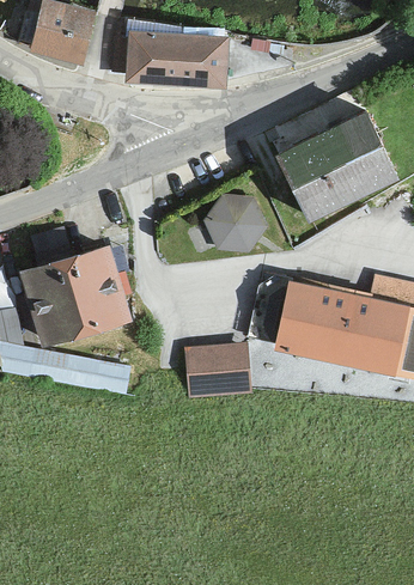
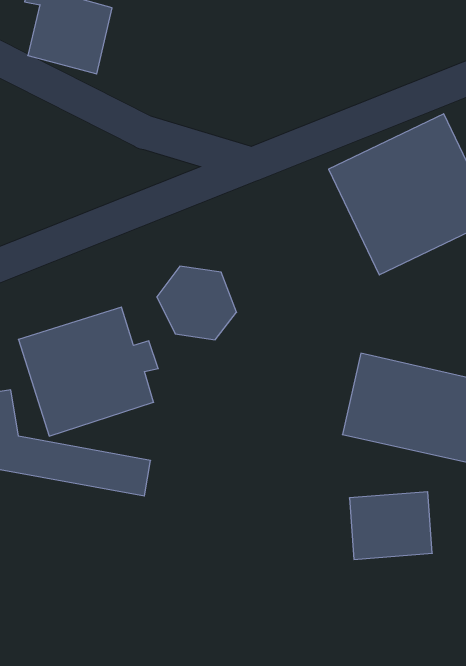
building: [115,17,227,81] -> none
building: [205,195,267,252] -> [157,266,237,340]
building: [188,343,252,396] -> [349,492,432,559]

